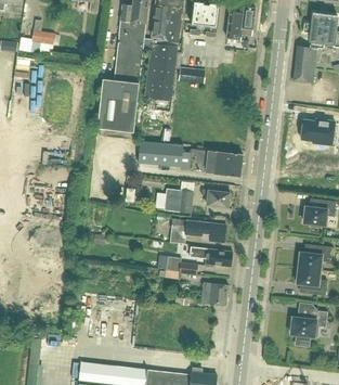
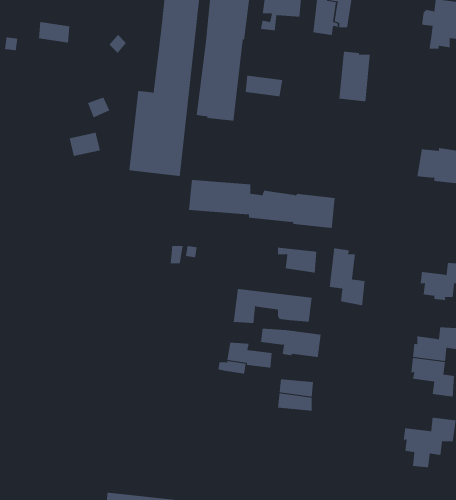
building: [292,47,315,82] -> [338,51,371,102]
building: [164,188,193,213] -> none
building: none -> [329,248,365,306]

